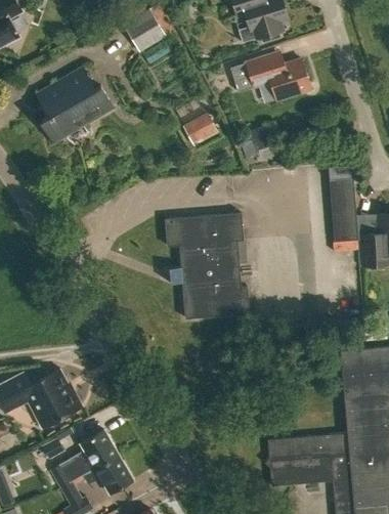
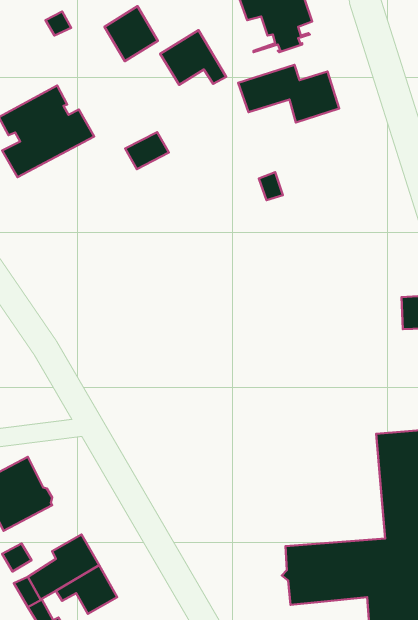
building: none -> [160,30,226,85]
building: [182,114,217,143] -> [125,132,169,169]
building: [330,175,358,241] -> none
building: [165,212,249,318] -> none

